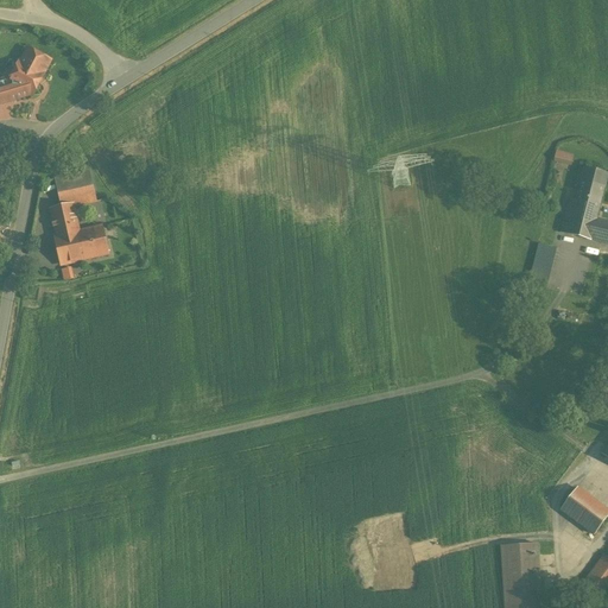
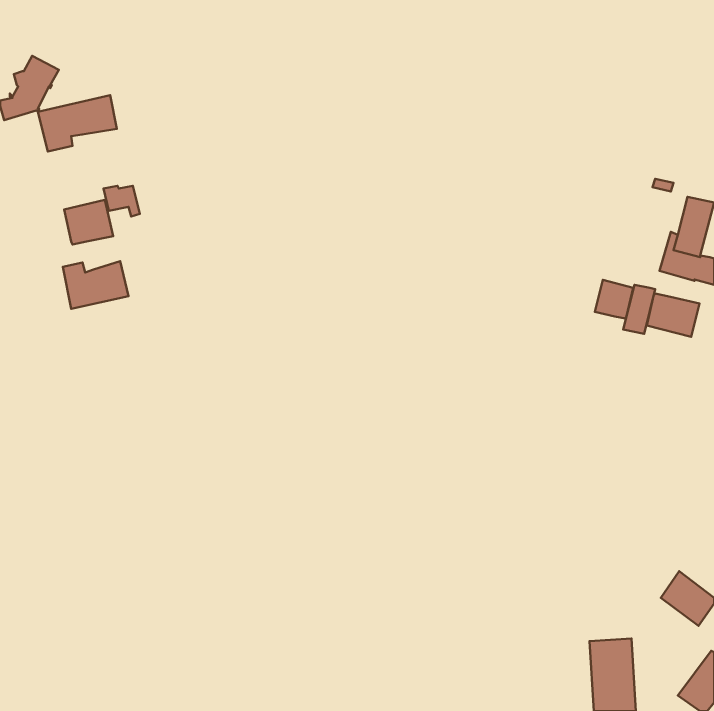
building: none -> [38,95,117,151]
building: [49,205,80,232] -> [103,186,140,216]
building: none -> [595,280,633,319]
building: none -> [647,293,699,337]

